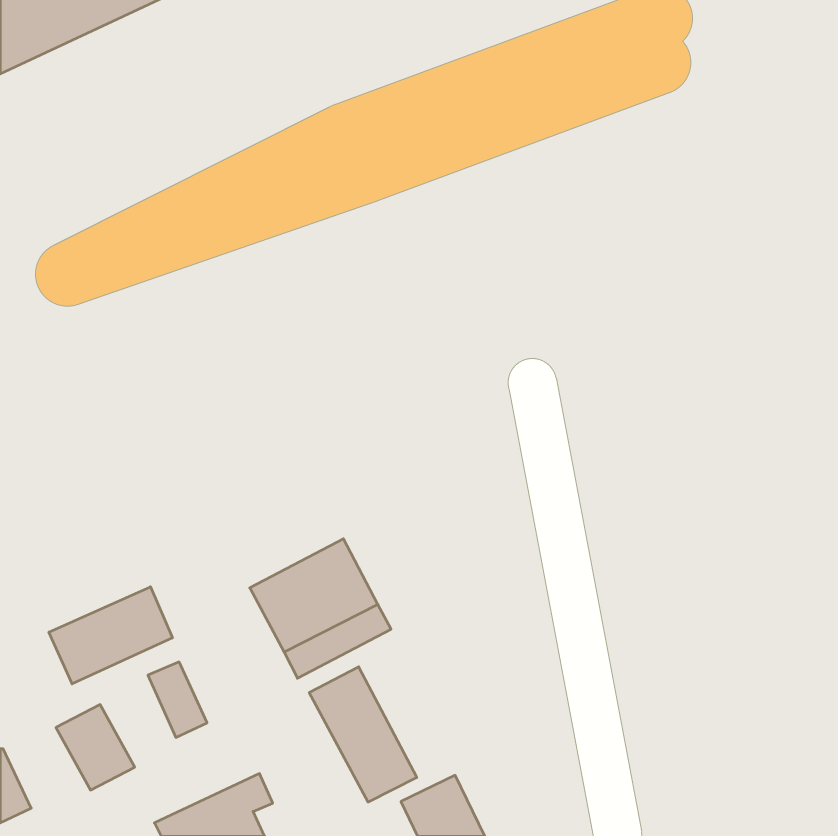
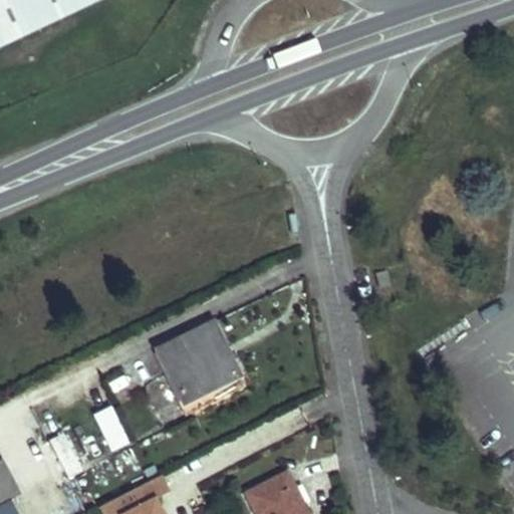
building: [49,587,172,684] -> none
building: [309,667,417,802] -> none

